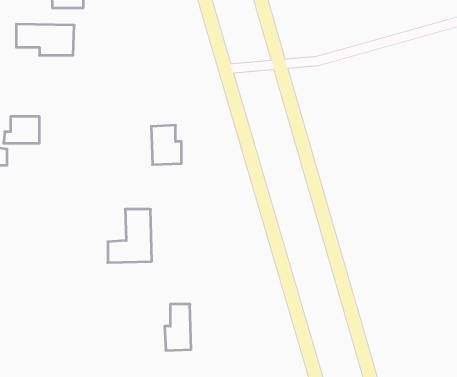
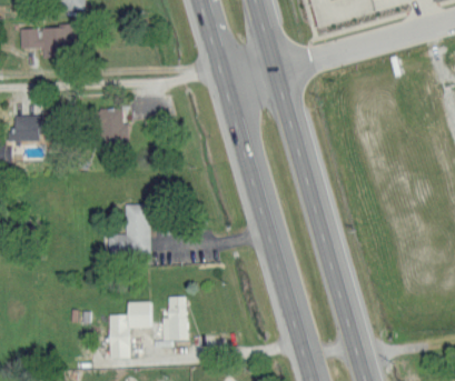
building: [151,125,181,165] -> [101,107,130,144]
building: none -> [111,299,154,357]

